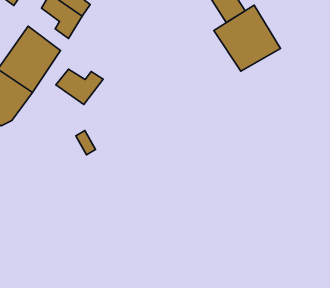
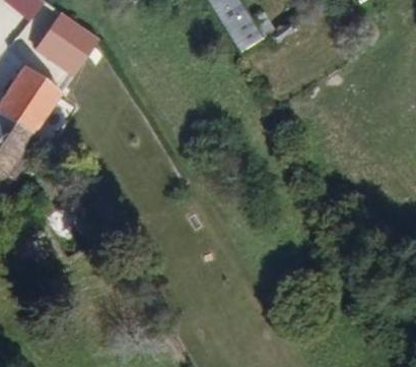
building: [214,5,280,71] -> none
building: [56,69,103,104] -> none

